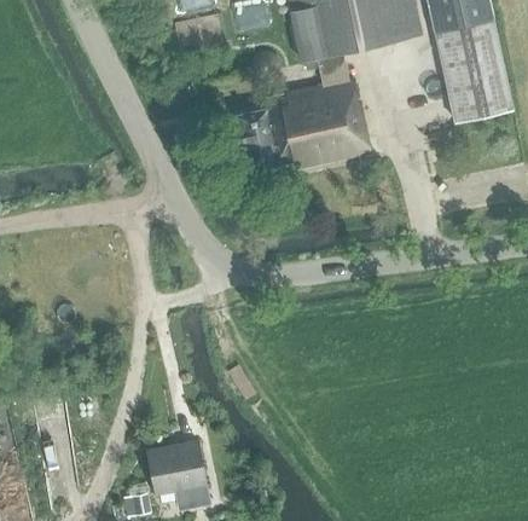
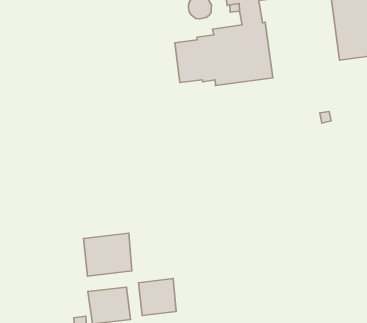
building: none -> [83,233,132,276]
building: none -> [139,279,176,315]

